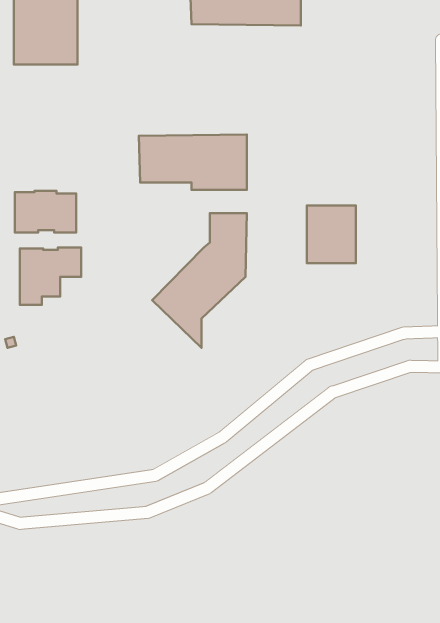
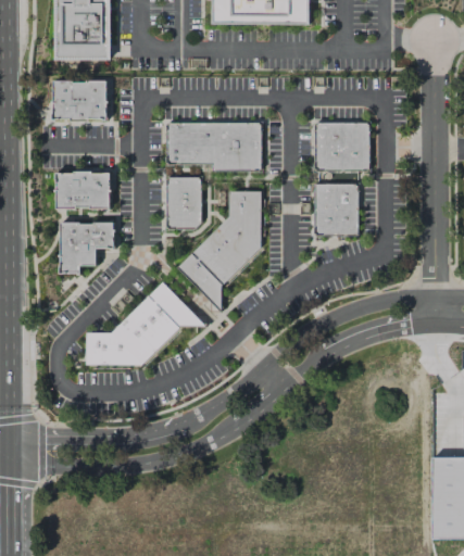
building: none -> [53,80,106,121]
building: none -> [314,123,369,170]
building: none -> [167,178,201,229]
building: none -> [85,281,205,366]

